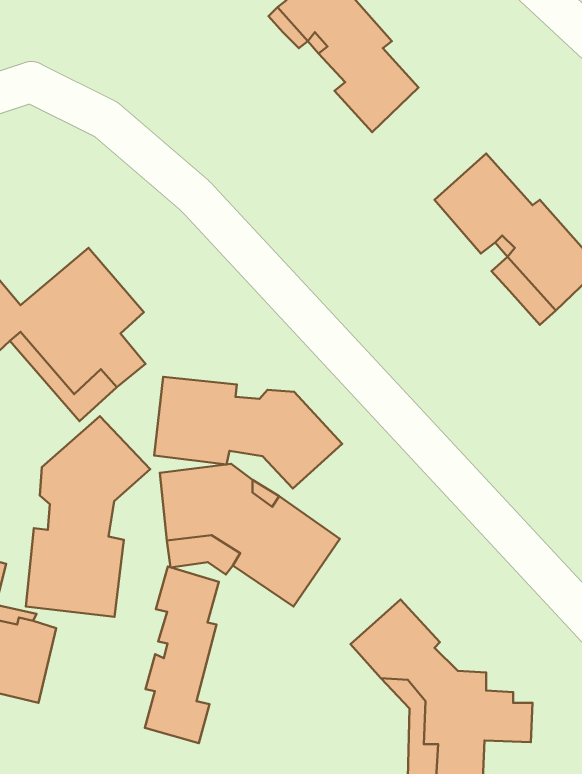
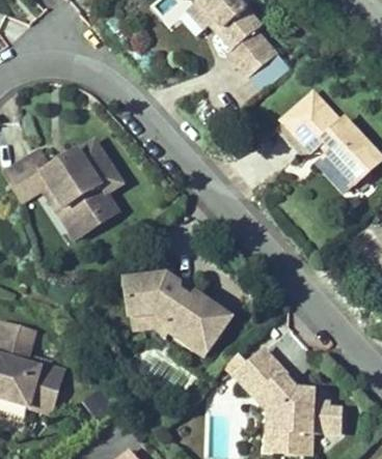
building: [154,377,342,488] -> none
building: [26,416,150,617] -> none
building: [145,567,219,743] -> none

